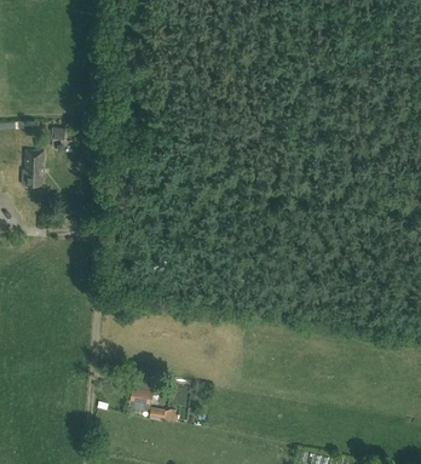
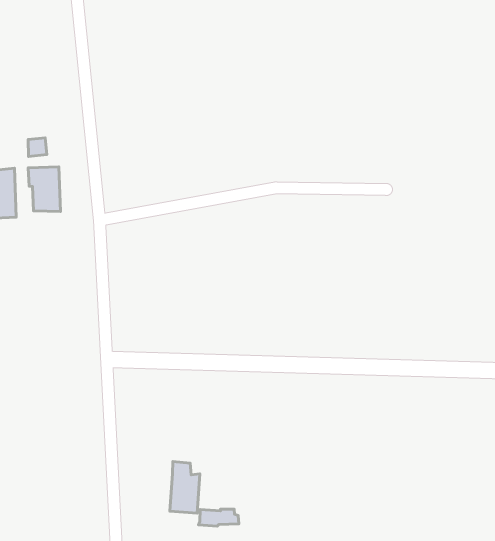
building: none -> [28,167,61,212]

